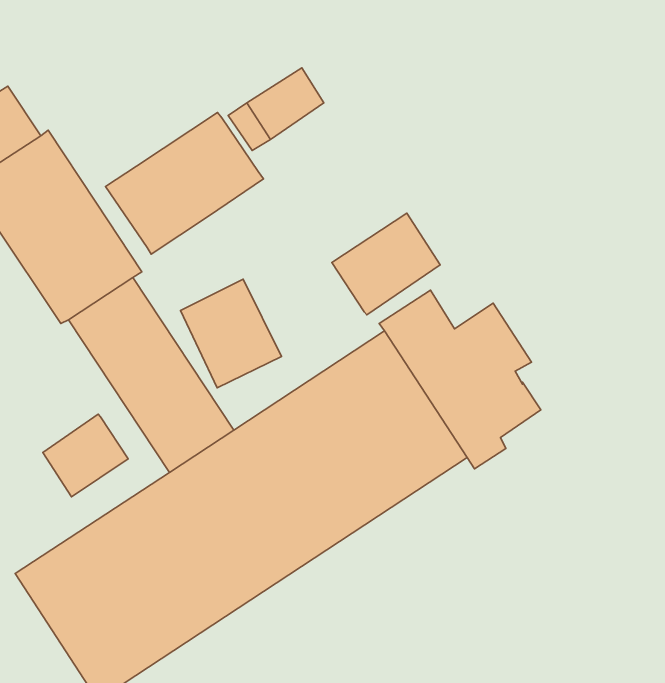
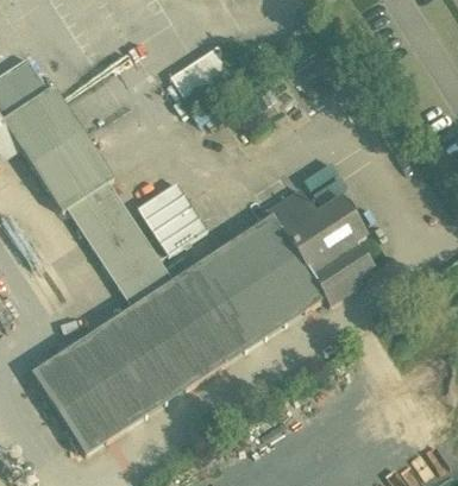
building: [106,112,264,254] -> none
building: [332,213,440,315] -> none
building: [43,414,128,497] -> none

